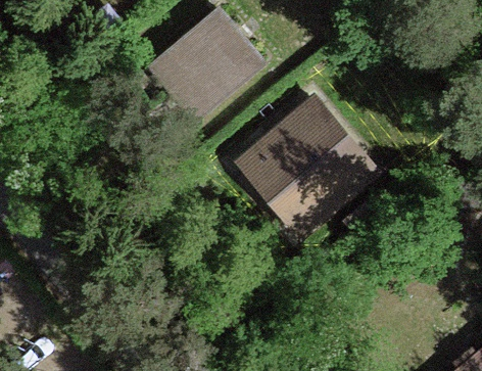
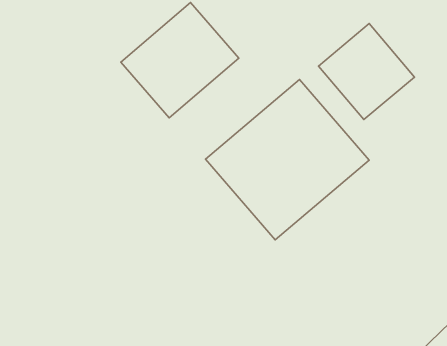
building: none -> [318,24,415,119]

